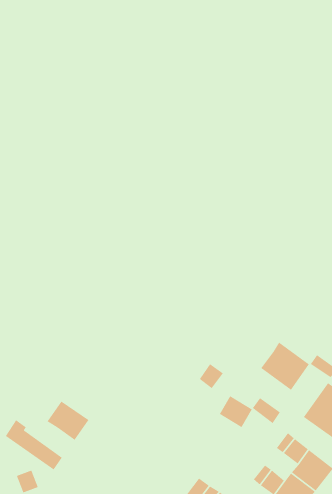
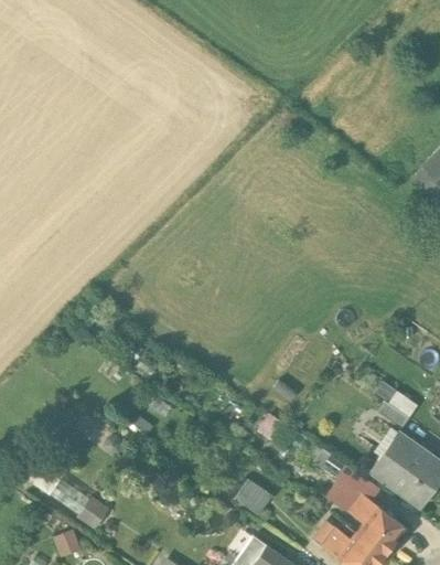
building: [260,342,310,391] -> none
building: [219,395,253,428] -> [234,478,271,514]
building: [47,401,89,441] -> none

